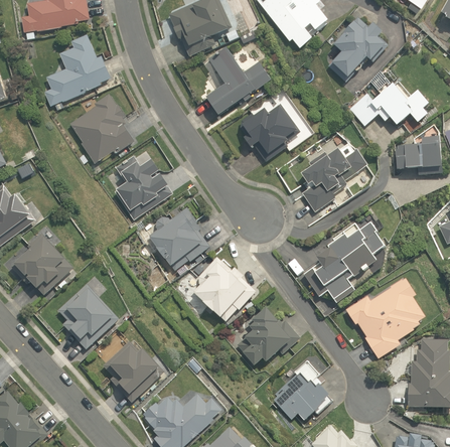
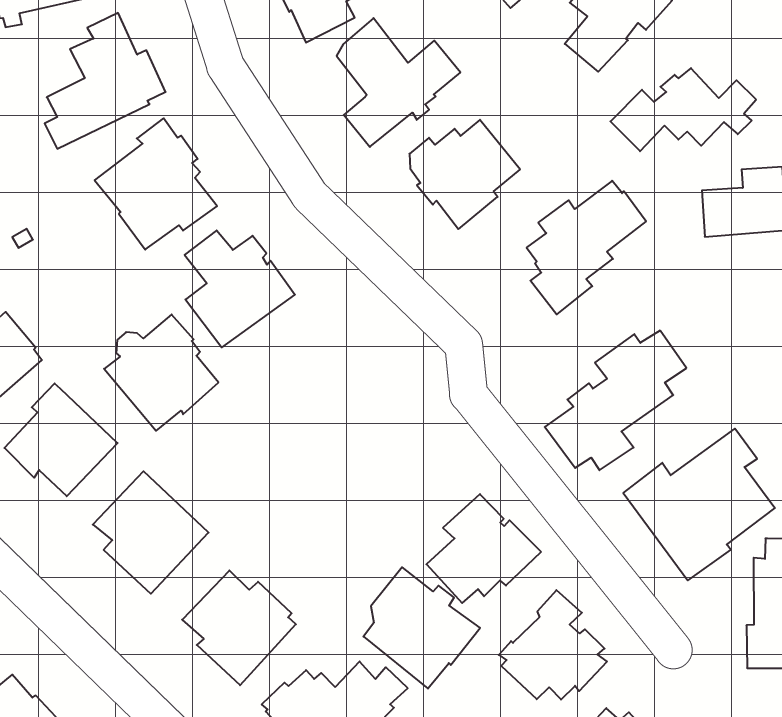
building: [148,207,209,270] -> [104,314,218,431]
building: [192,255,256,321] -> [363,567,480,689]

